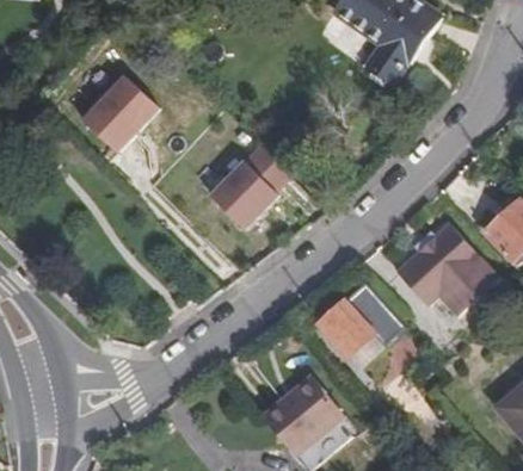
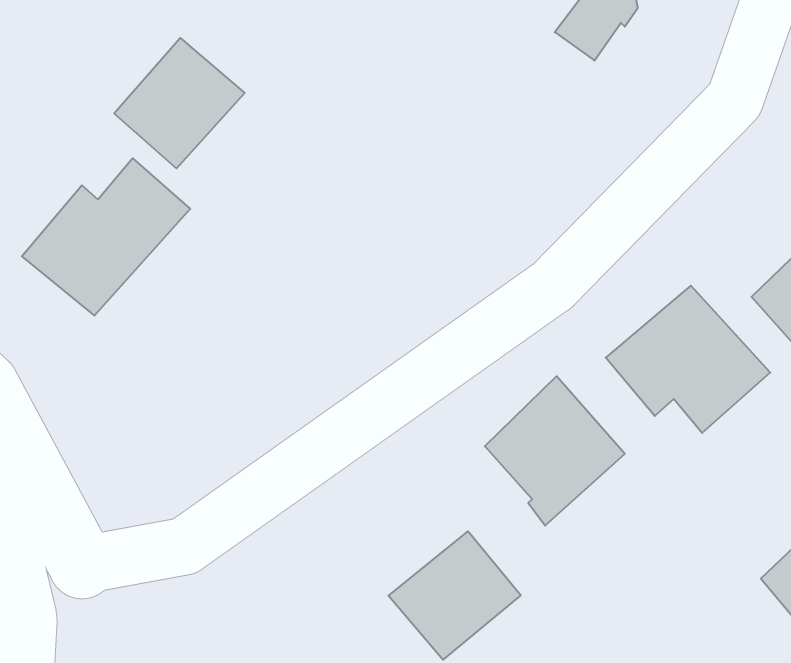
building: [209,140,299,230] -> none
building: none -> [22,158,190,316]

